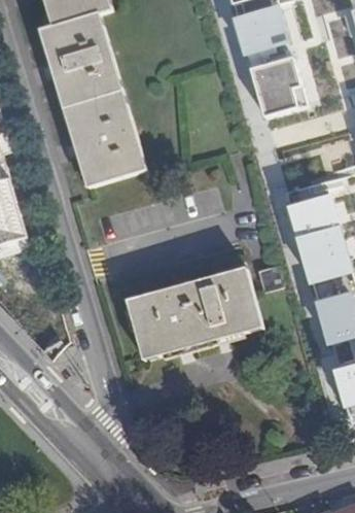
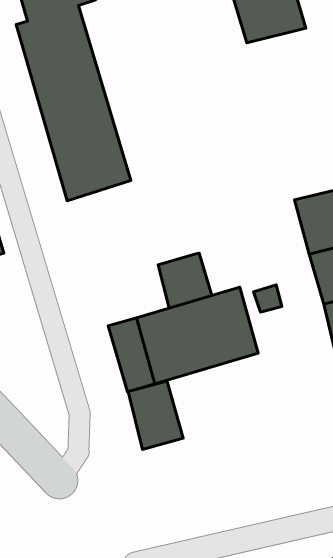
building: [248,31,320,115] -> none
building: none -> [158,253,212,308]
building: none -> [128,381,183,449]

